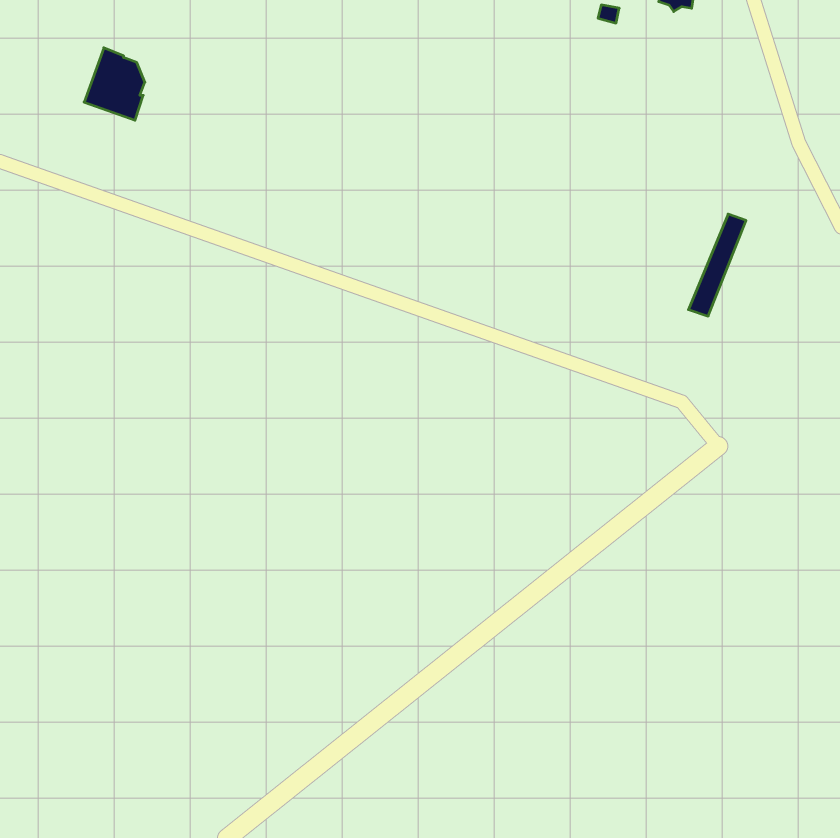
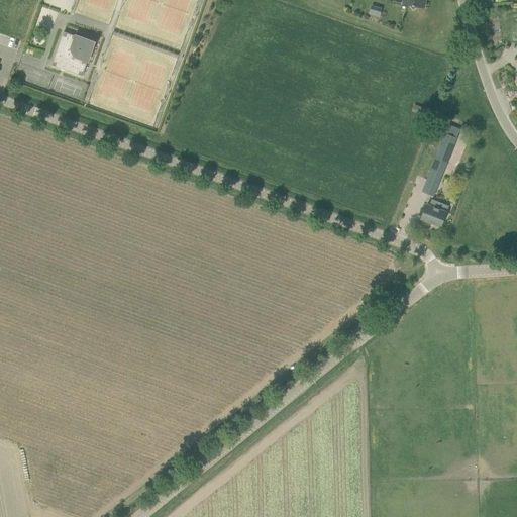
building: none -> [422,197,448,224]

